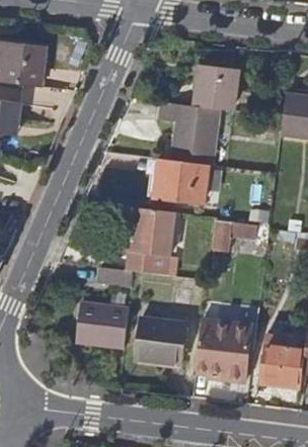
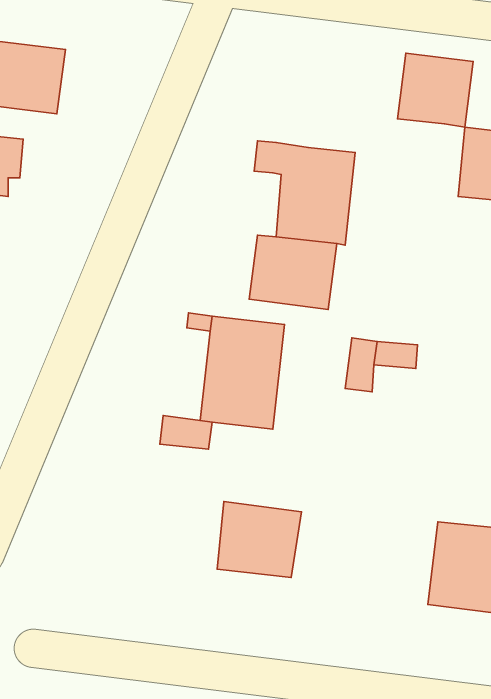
building: [190,66,236,110] -> [397,53,473,127]
building: [76,302,129,348] -> none
building: [196,319,251,382] -> none

